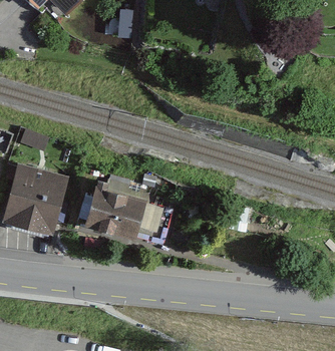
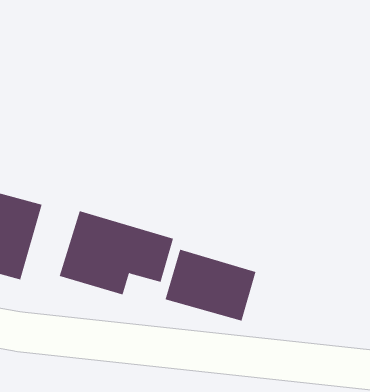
building: none -> [165,249,256,322]

